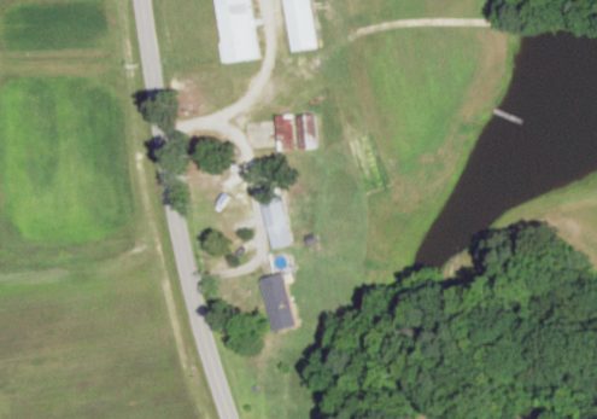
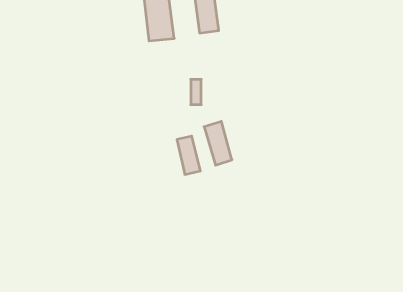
building: [297,115,316,150] -> none
building: [258,270,297,331] -> [204,121,232,165]

